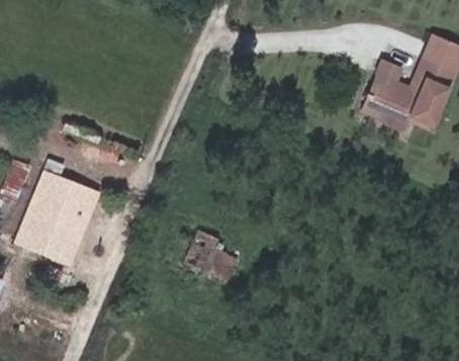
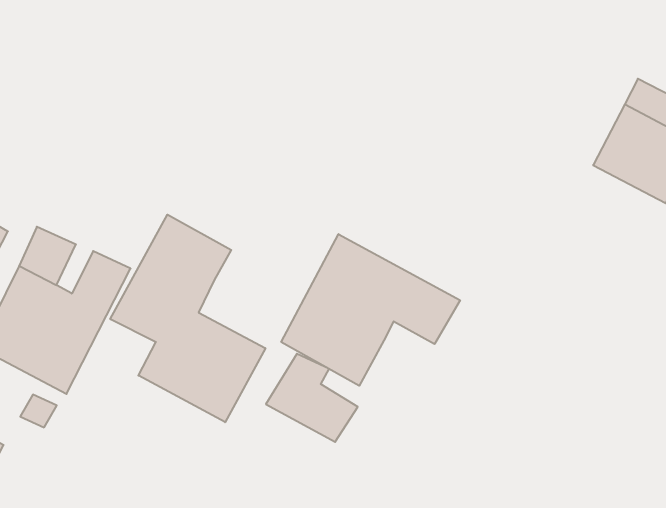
building: none -> [110,215,265,422]
building: none -> [281,234,460,386]

